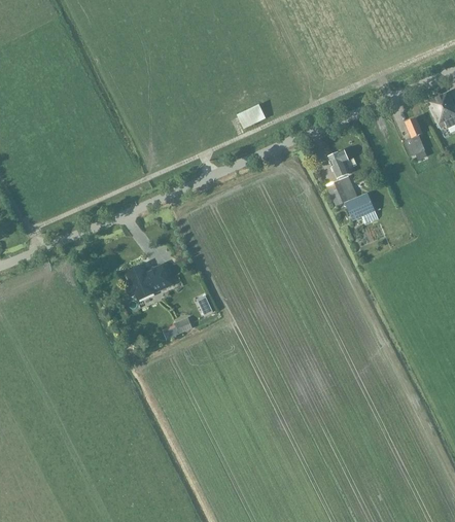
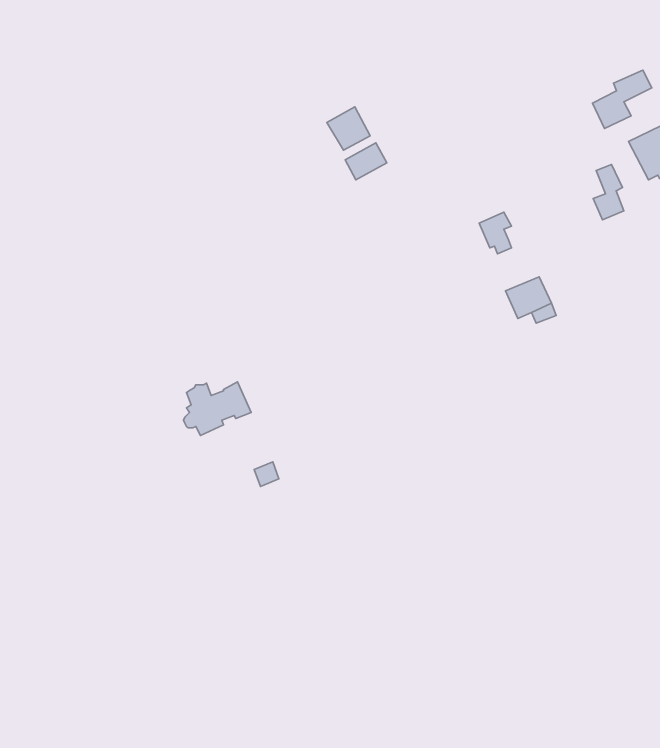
building: none -> [593,70,652,128]
building: none -> [327,107,370,150]
building: [327,176,358,207] -> none

